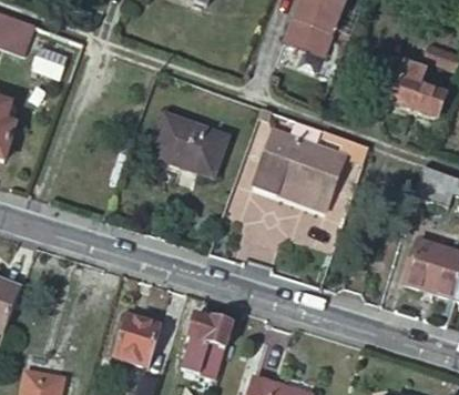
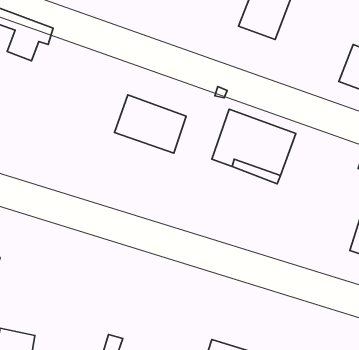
building: [118,311,163,358] -> none
building: [183,315,231,371] -> none

